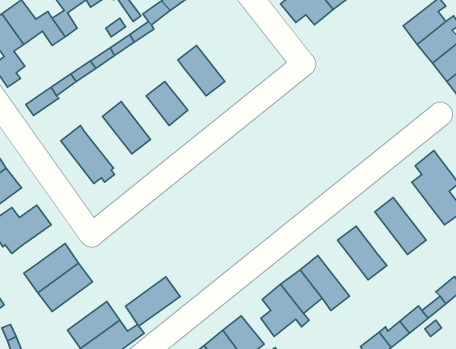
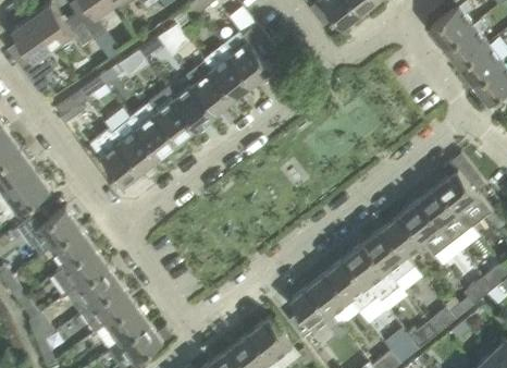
building: none -> [224,24,275,85]
building: none -> [185,69,234,113]
building: none -> [147,87,197,143]
building: none -> [112,120,160,181]
building: none -> [420,185,471,243]
building: none -> [383,214,423,257]
building: none -> [50,228,94,268]
building: none -> [345,243,399,303]
building: [125,277,180,326] -> [81,284,135,333]

